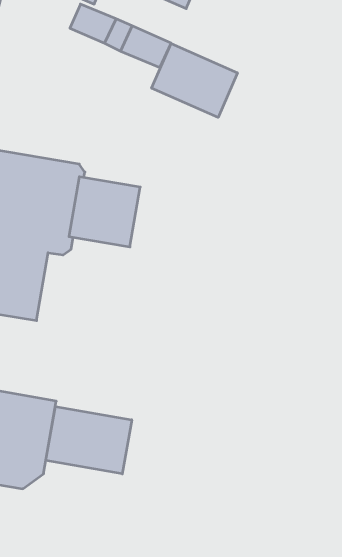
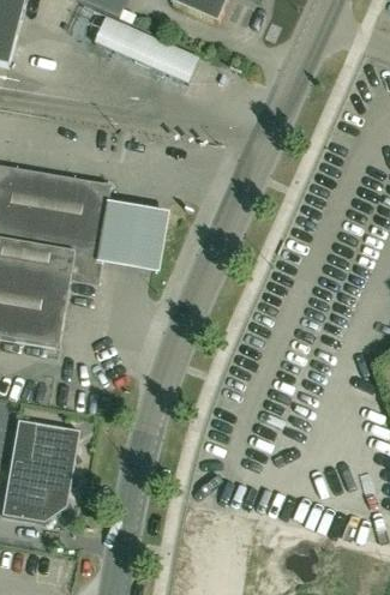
building: [152,44,237,117] -> none
building: [46,406,132,474] -> none

